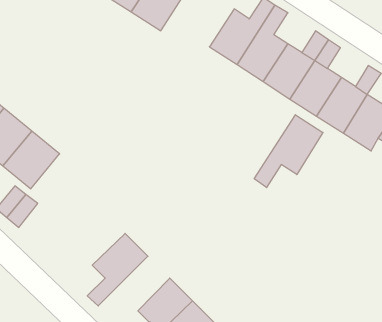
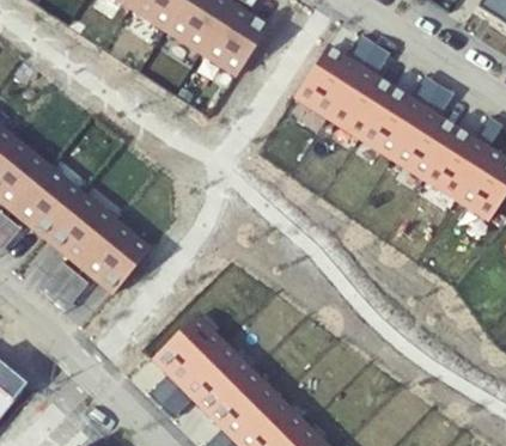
building: [254,115,323,188] -> none
building: none -> [81,221,150,291]
building: none -> [163,344,249,417]

